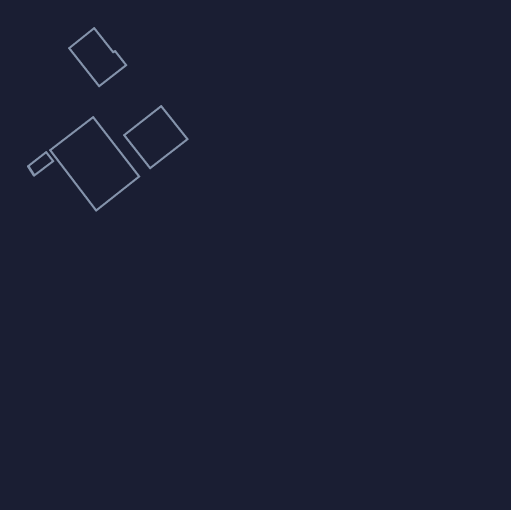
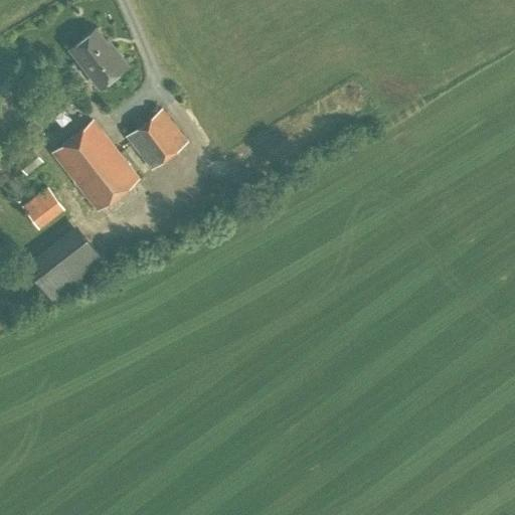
building: none -> [23,188,64,229]
building: none -> [24,225,107,304]

